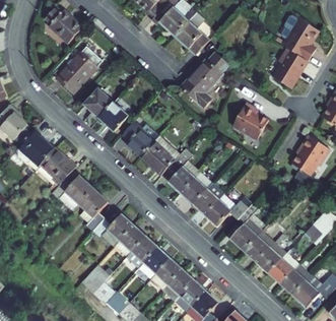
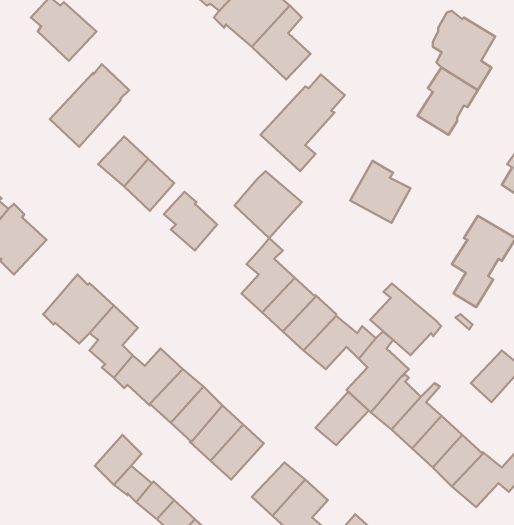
building: [141,135,181,175] -> [235,171,302,238]
building: [36,148,76,192] -> none
building: none -> [370,284,441,355]
building: [162,269,194,301] -> [315,392,369,445]

